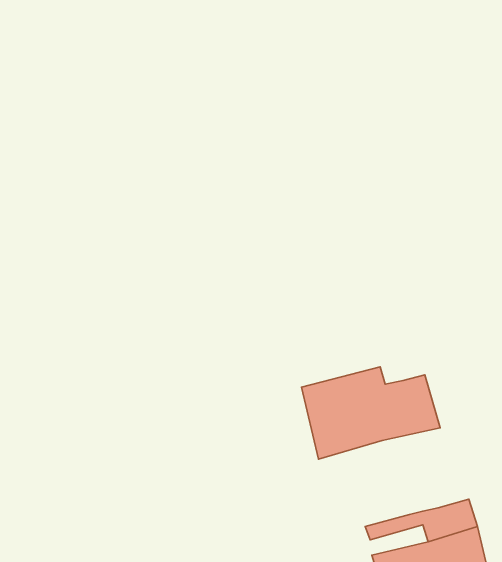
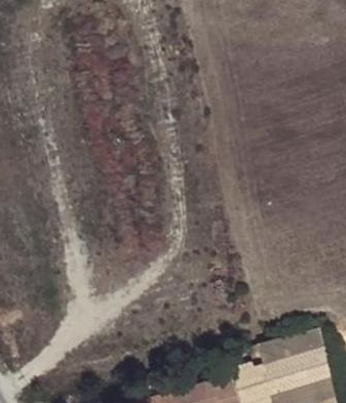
building: [302,367,440,459] -> none

